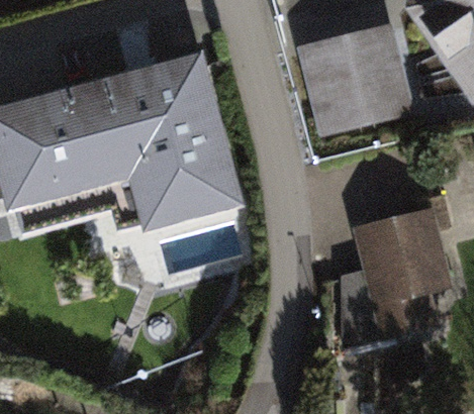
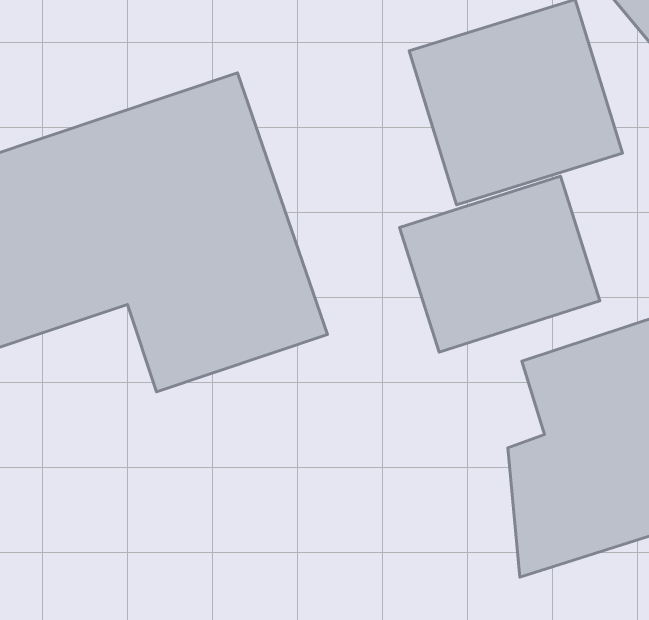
building: none -> [399,176,600,352]

